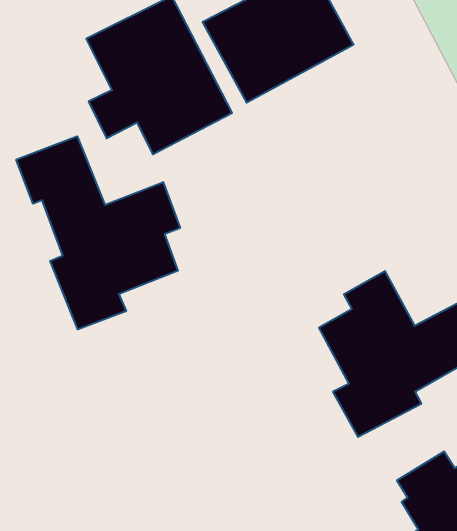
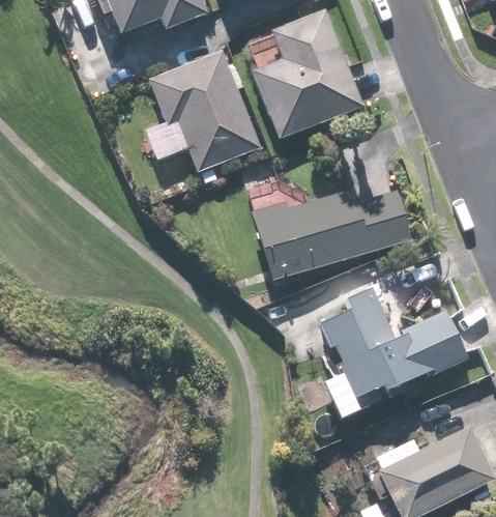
building: [16,136,180,329] -> none
building: none -> [253,188,413,279]

